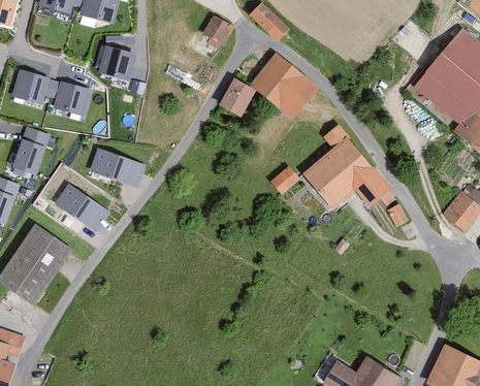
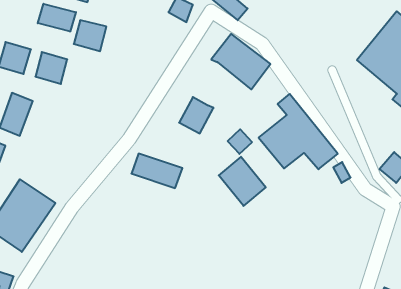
building: none -> [38,4,76,32]
building: [219,77,258,119] -> [179,97,214,133]
building: [86,147,143,186] -> [131,154,182,188]
building: [51,183,106,231] -> none
building: none -> [219,157,266,206]

